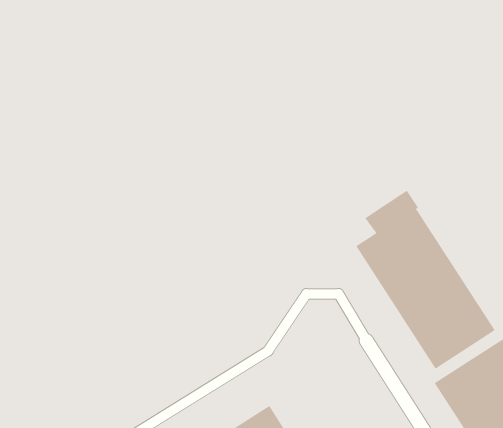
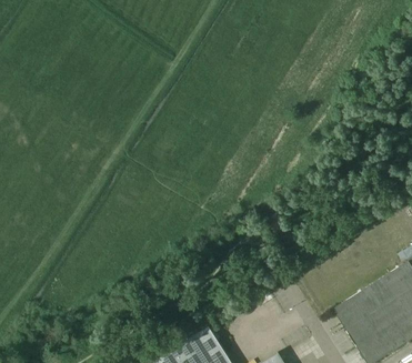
building: [355,190,496,370] -> none

